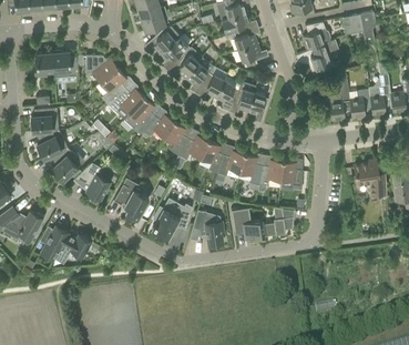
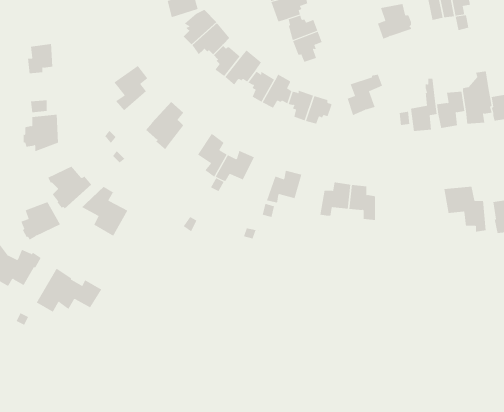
building: [310,39,338,71] -> [347,74,383,116]
building: [52,51,78,77] -> none
building: [85,54,119,82] -> none
building: [108,88,144,113] -> none
building: [142,113,175,138] -> none
building: [37,129,68,159] -> [21,202,61,240]
building: [200,140,224,173] -> none
building: [239,153,262,189] -> none
building: [113,183,149,220] -> none
building: [152,199,191,239] -> none
building: [232,206,294,240] -> none
building: [192,210,224,245] -> none

